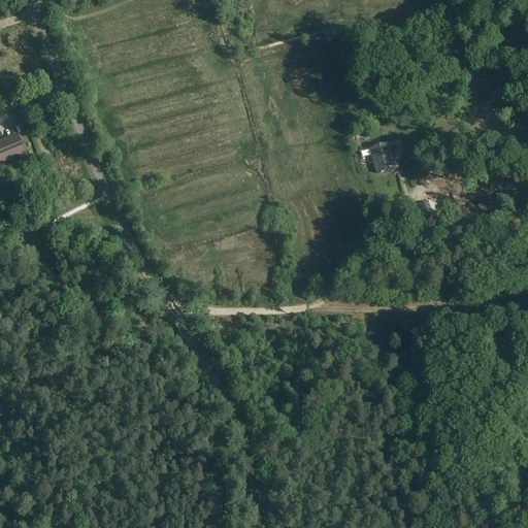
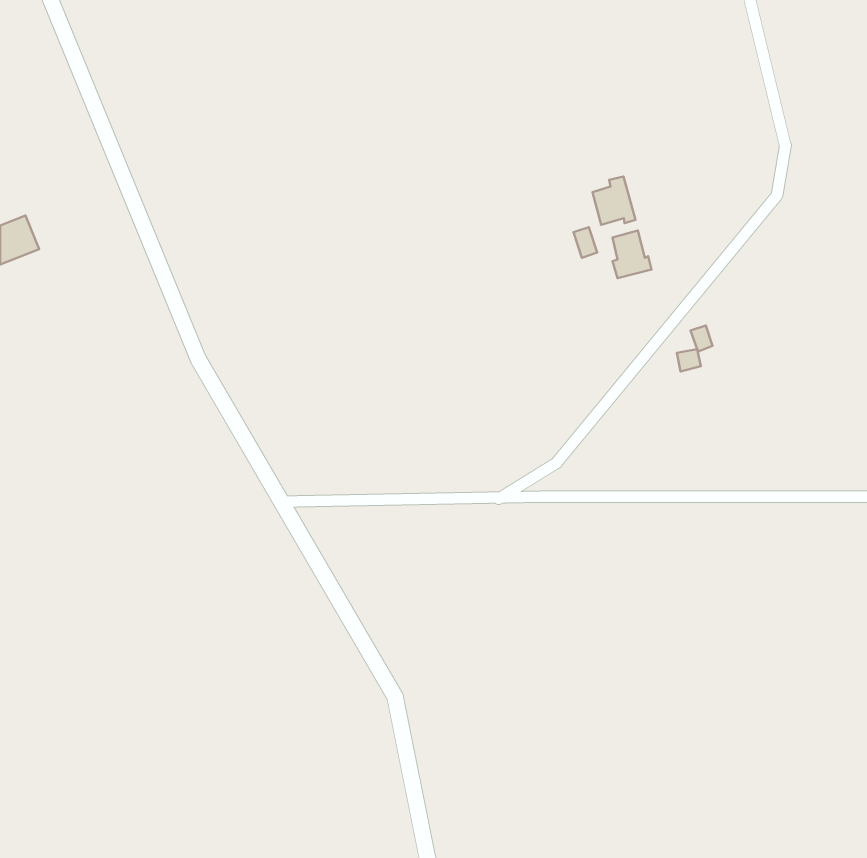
building: none -> [593,177,636,225]

